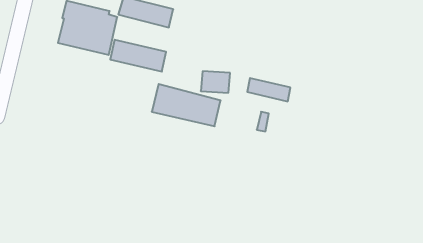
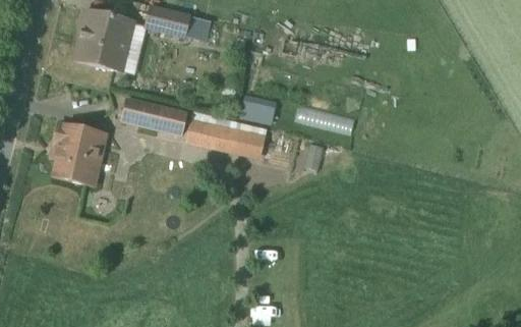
building: [110,40,166,72] -> [119,98,185,135]
building: none -> [50,122,108,187]

